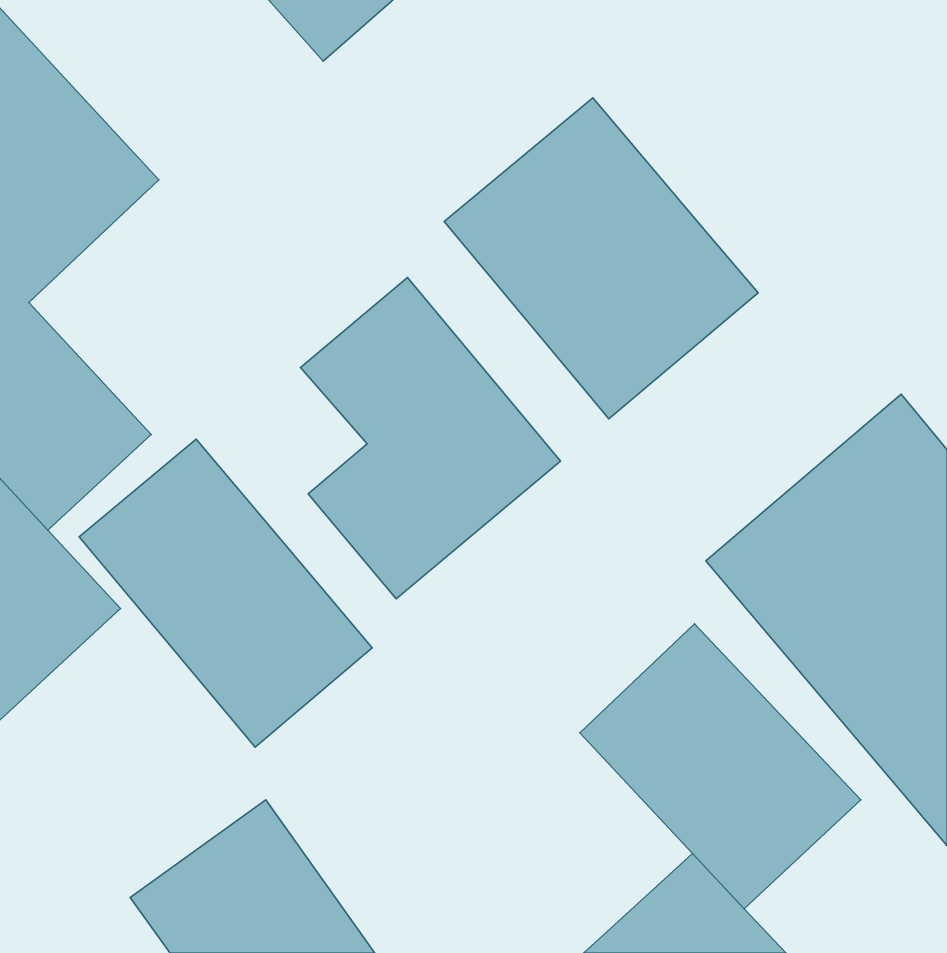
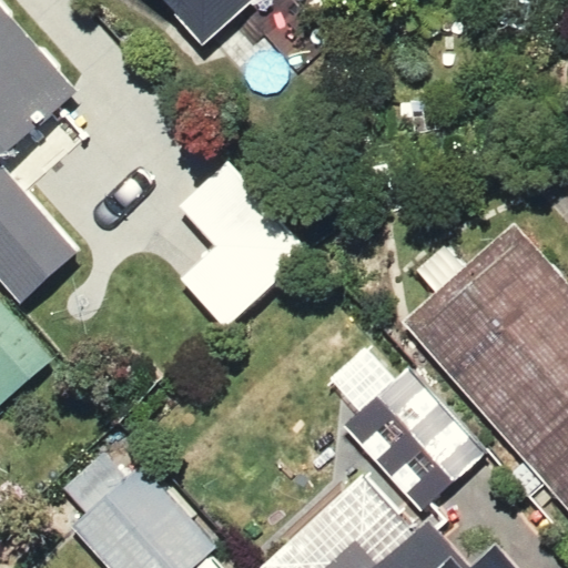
building: [444,98,758,419] -> none
building: [79,439,372,747] -> none

